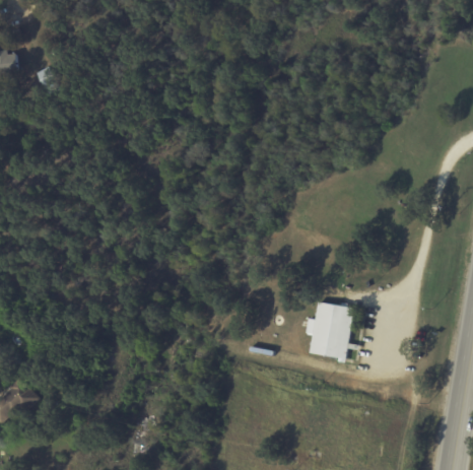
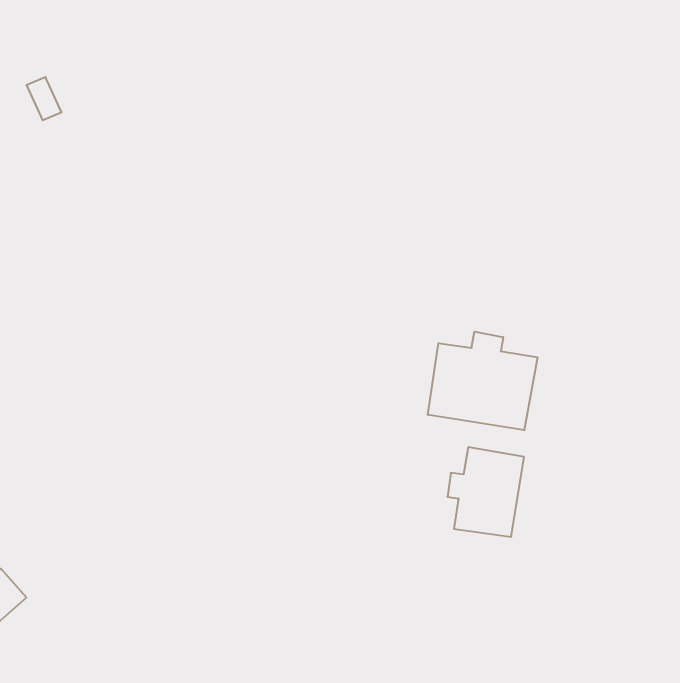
building: none -> [428,332,537,430]

